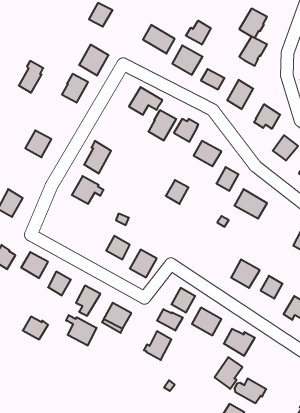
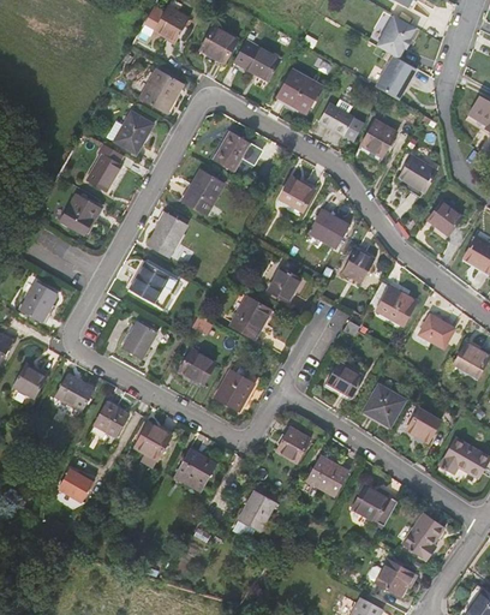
building: none -> [199,25,237,61]
building: [186,21,211,45] -> none
building: [19,61,43,93] -> [86,143,122,190]
building: [148,110,176,140] -> [183,169,223,214]
building: none -> [234,298,274,340]
building: none -> [418,314,454,347]
building: none -> [121,320,156,358]
building: none -> [325,360,364,396]
building: [157,309,183,331] -> none
building: [66,315,97,346] -> none
building: [215,357,242,389] -> [402,512,443,559]

